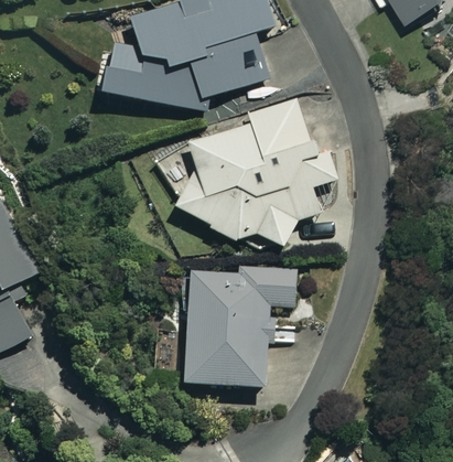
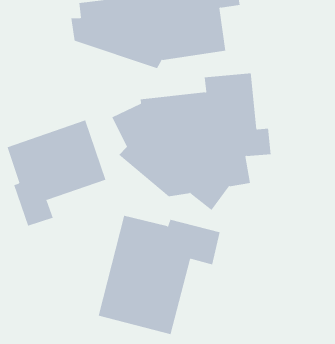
building: none -> [7,120,106,227]

